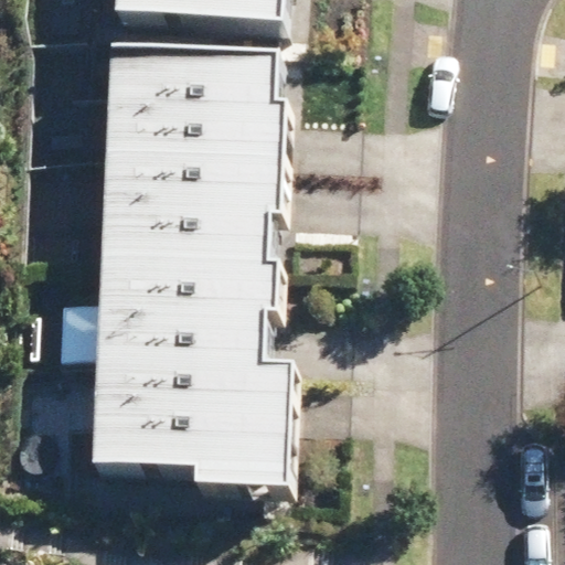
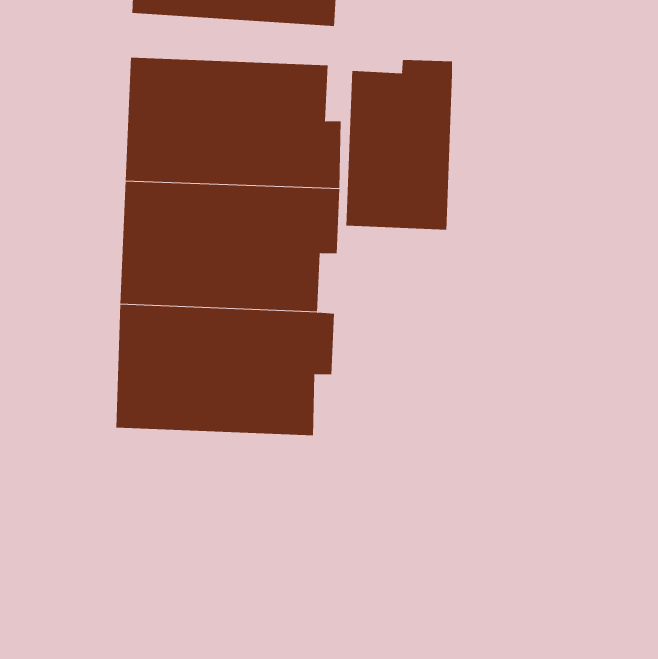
building: none -> [346,59,453,231]
building: [92,355,291,480] -> none

